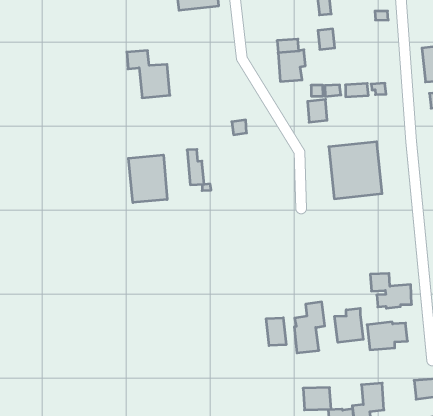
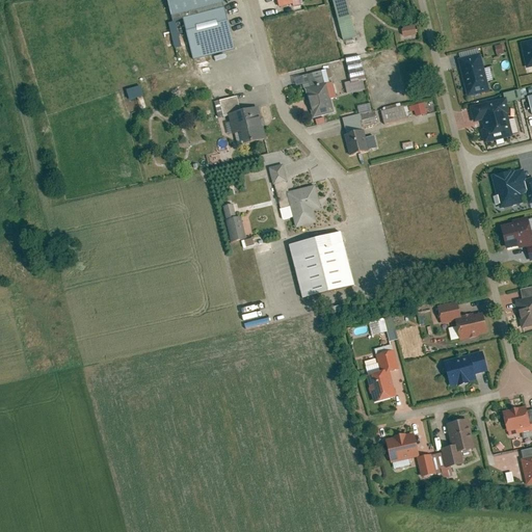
building: [127,51,170,98] -> [212,95,265,145]
building: [329,142,382,199] -> [291,230,355,297]
building: none -> [287,183,322,225]
building: [128,155,167,203] -> none
building: [335,308,363,342] -> none
building: [266,318,286,346] -> none

